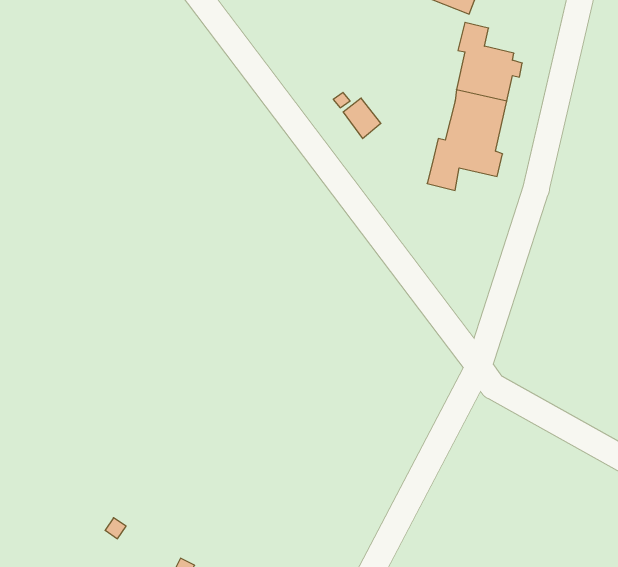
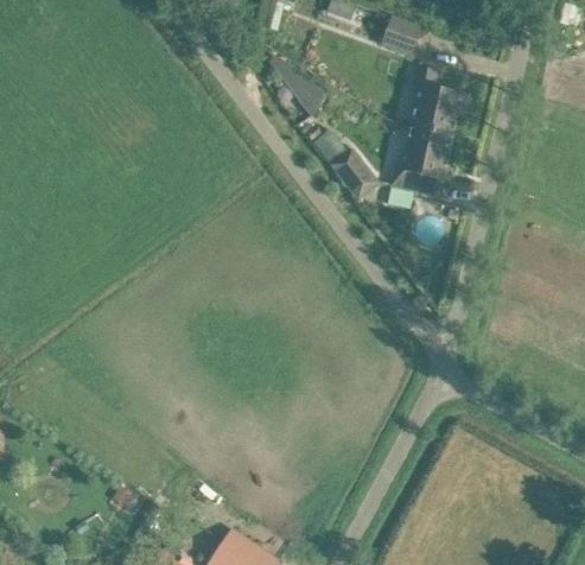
building: none -> [268,53,326,115]
building: none -> [330,147,376,197]

